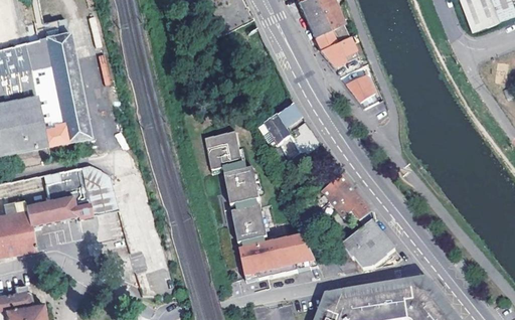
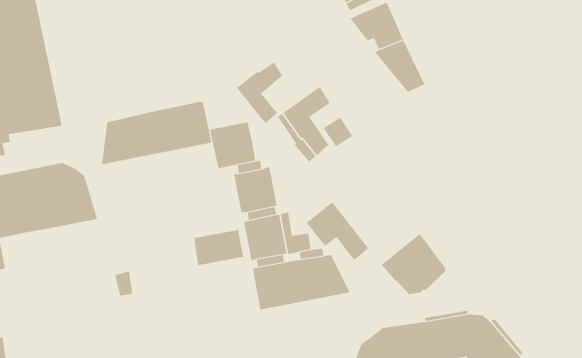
building: none -> [236,61,283,124]
building: none -> [102,101,212,165]
building: [320,172,370,219] -> [306,201,369,261]
building: none -> [194,229,245,266]

